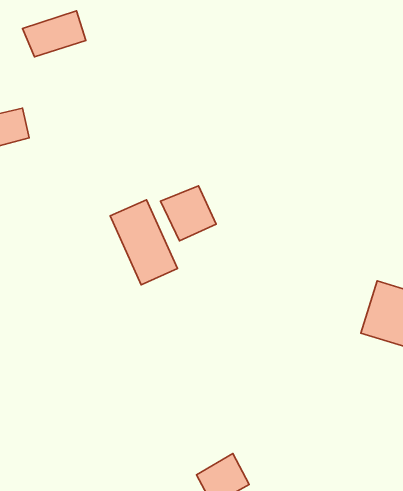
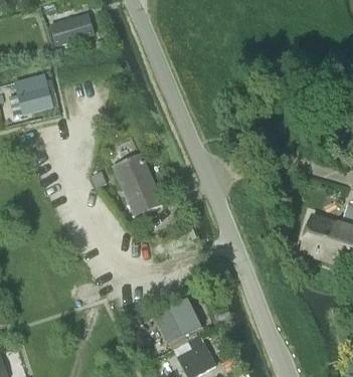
building: [161,186,216,241] -> none
building: none -> [153,302,202,348]

